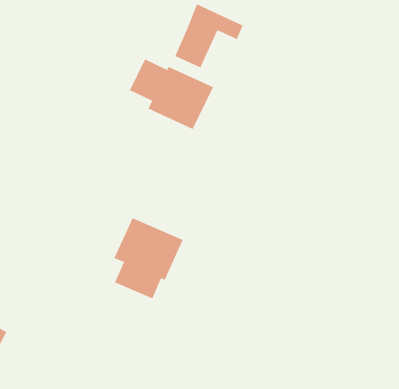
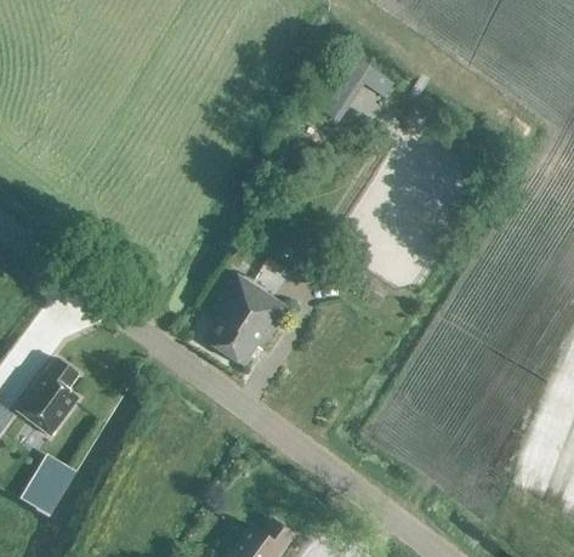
building: [129,59,214,130] -> none

